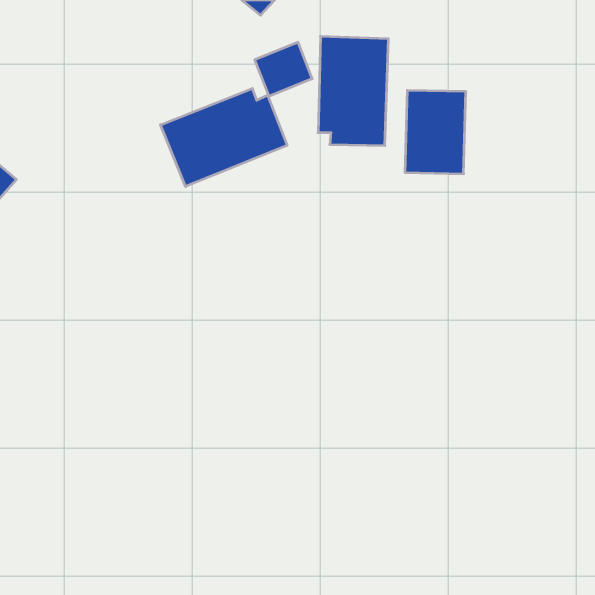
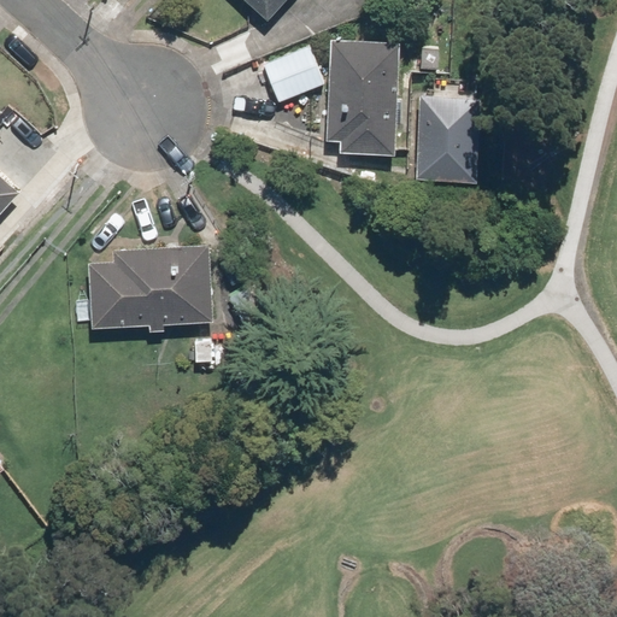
building: [160,88,287,187] -> none
building: none -> [87,245,211,327]

